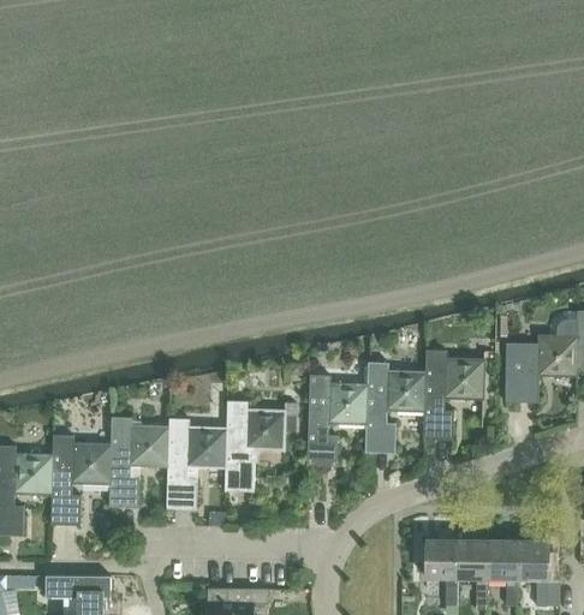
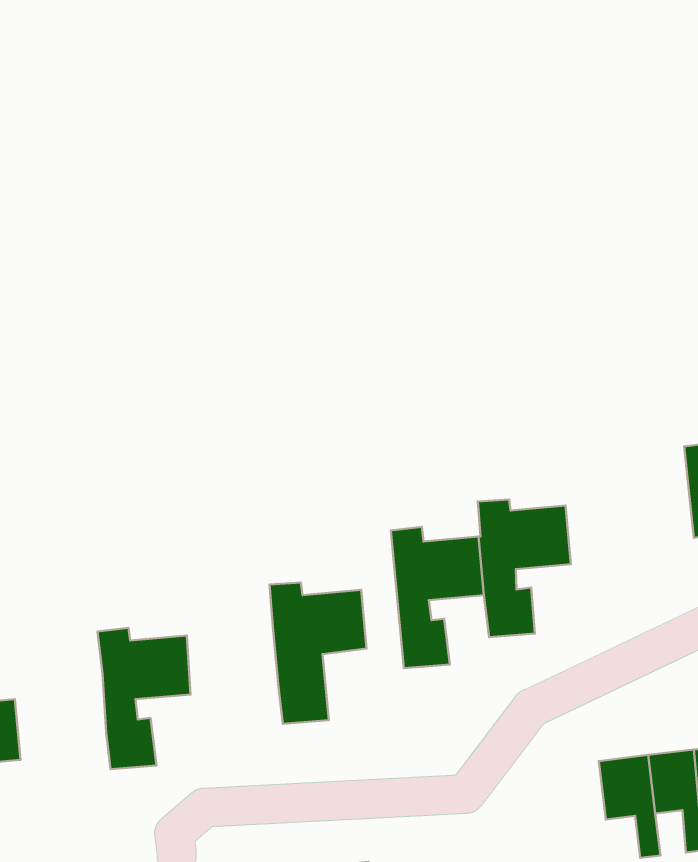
building: [423,348,484,441] -> none
building: [166,417,226,509] -> none
building: [50,434,112,525] -> none

